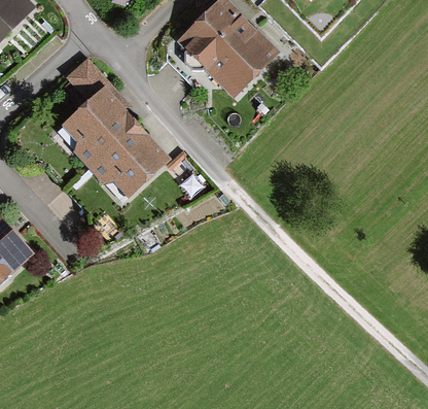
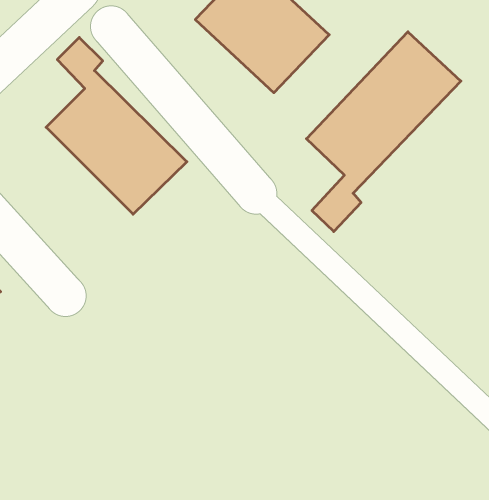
building: none -> [306,32,461,232]

